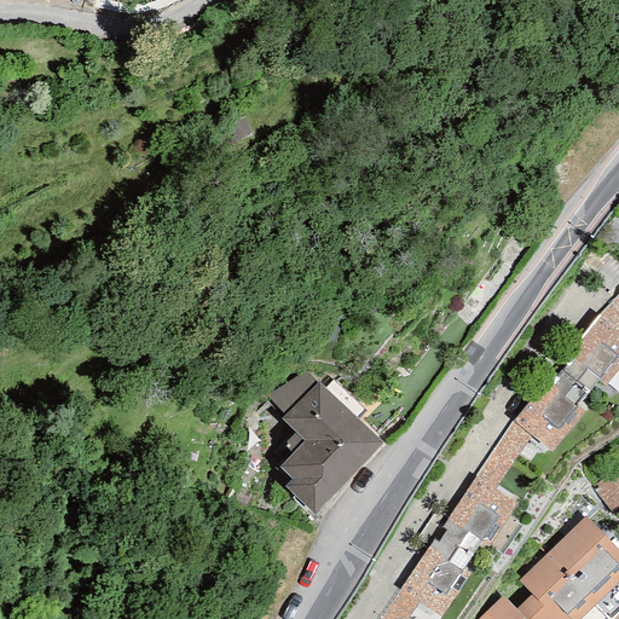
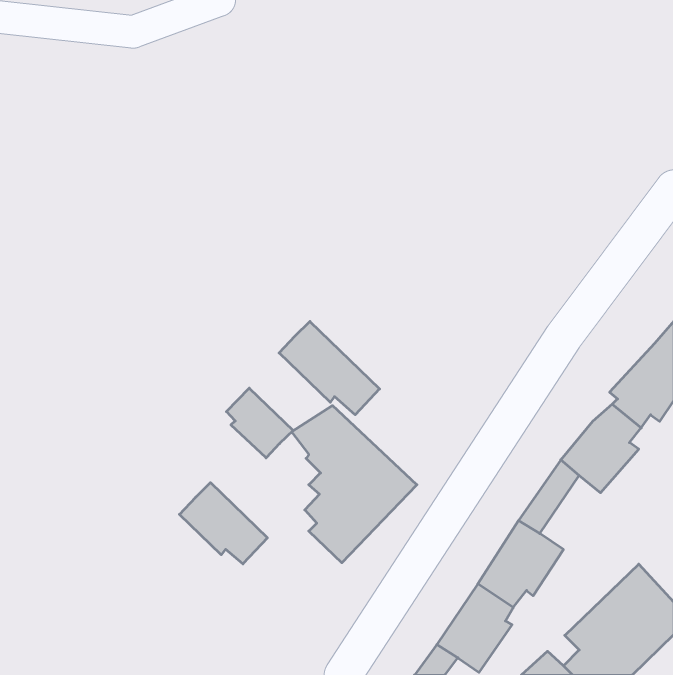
building: none -> [279,321,380,415]
building: none -> [226,388,293,458]
building: none -> [179,483,267,564]

